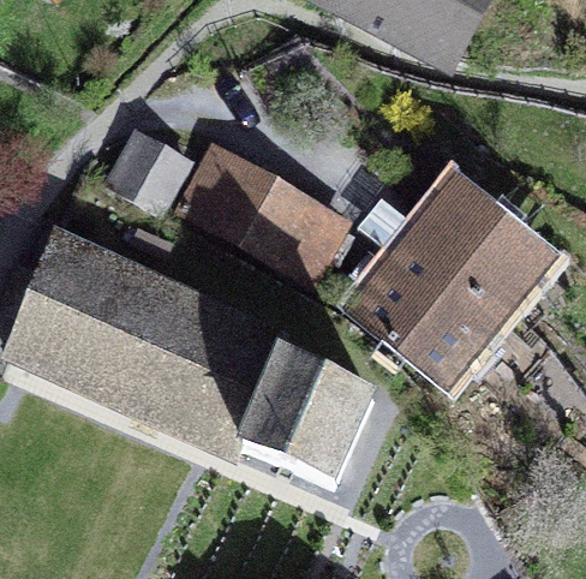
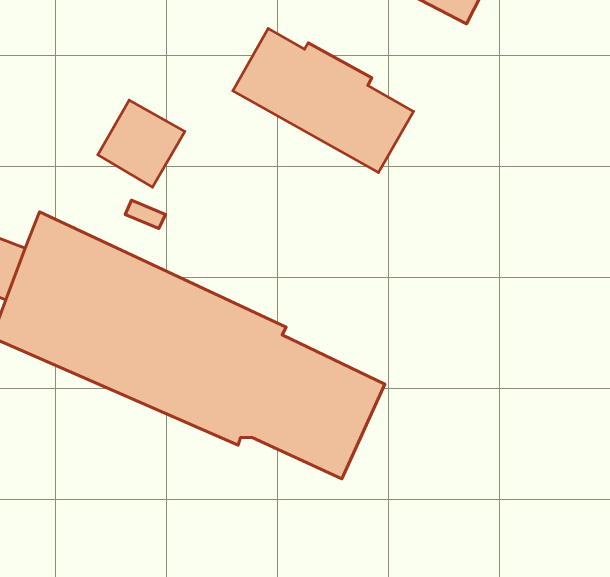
building: [177,148,343,281] -> [233,28,413,172]
building: [357,189,540,377] -> none

